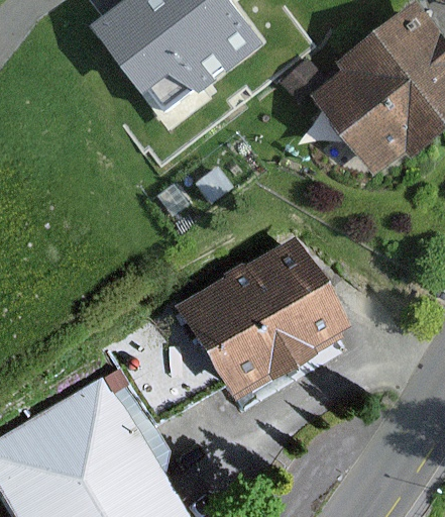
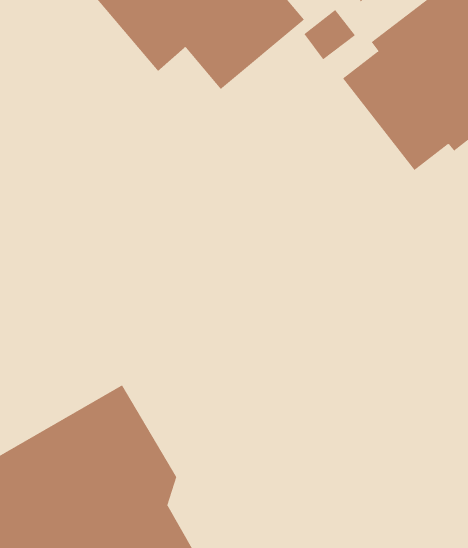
building: [170,237,343,401] -> none

